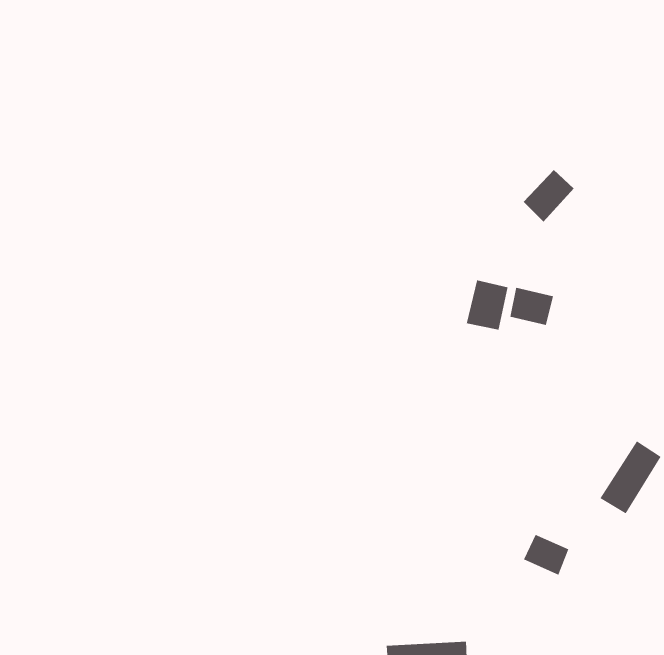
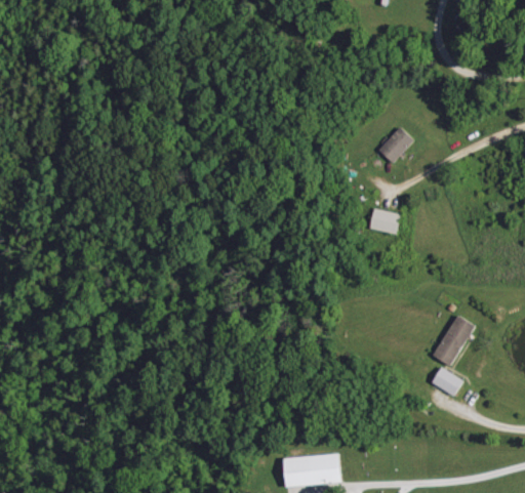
building: [466,280,508,330] -> none
building: [523,534,569,576] -> [431,368,462,397]

